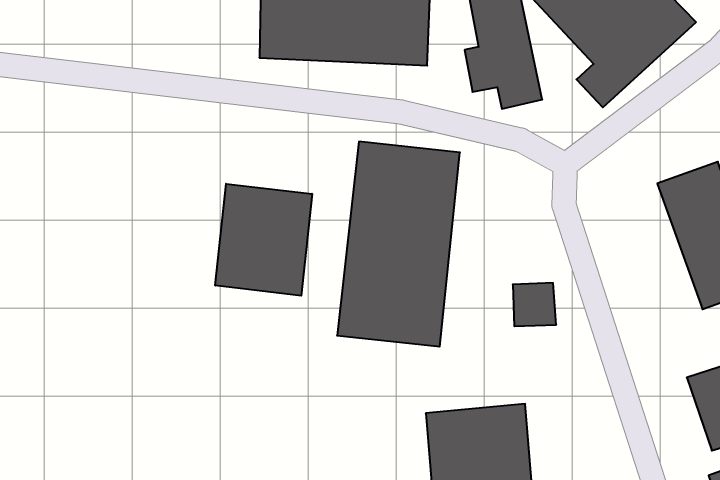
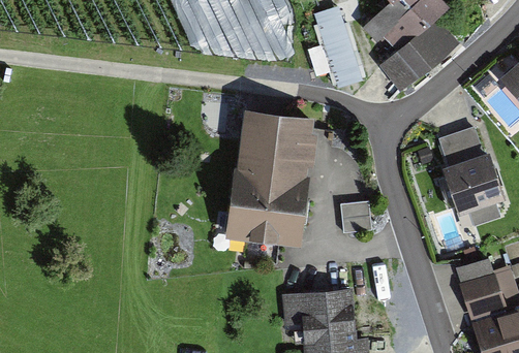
building: [215,184,312,296] -> none

